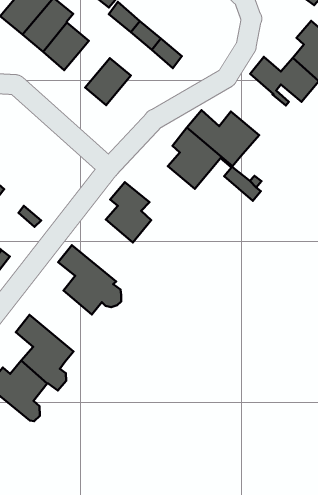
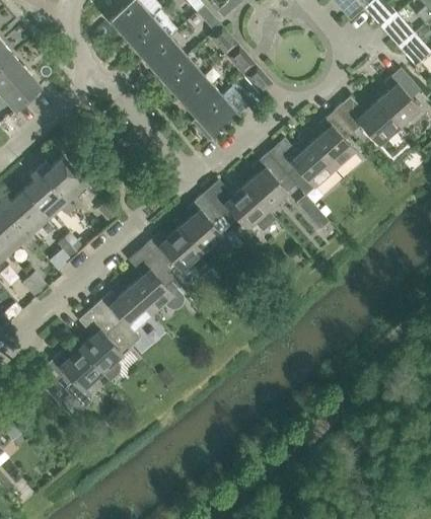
building: none -> [161,57,206,100]
building: none -> [312,110,356,169]
building: none -> [196,95,240,142]
building: none -> [203,180,276,231]
building: none -> [144,227,202,287]
building: none -> [94,288,153,347]

